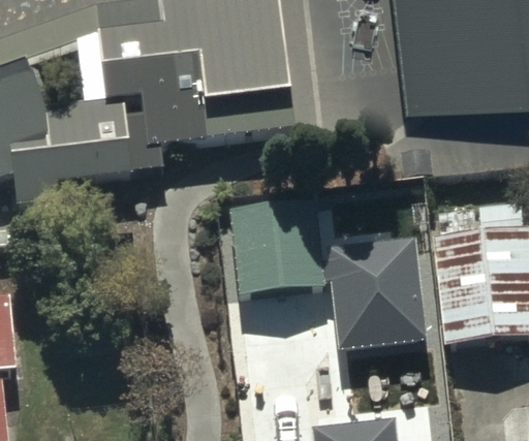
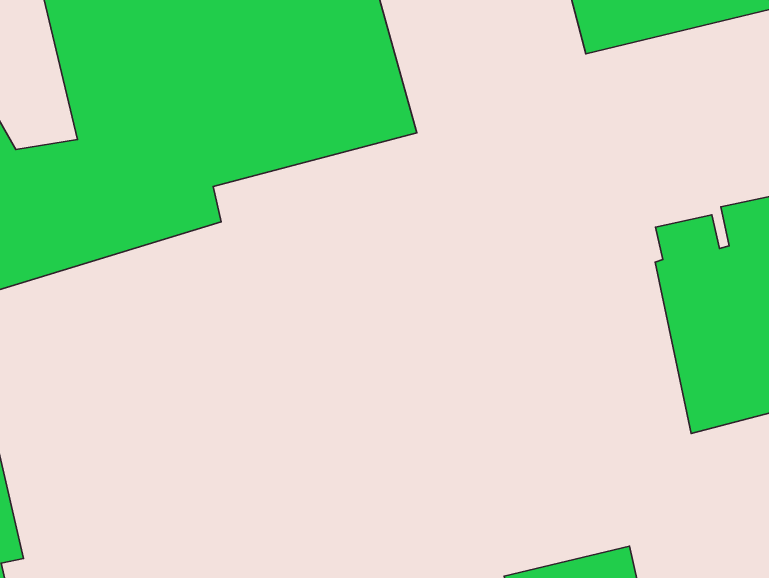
building: [232,198,322,293] -> none
building: [326,230,423,340] -> none

